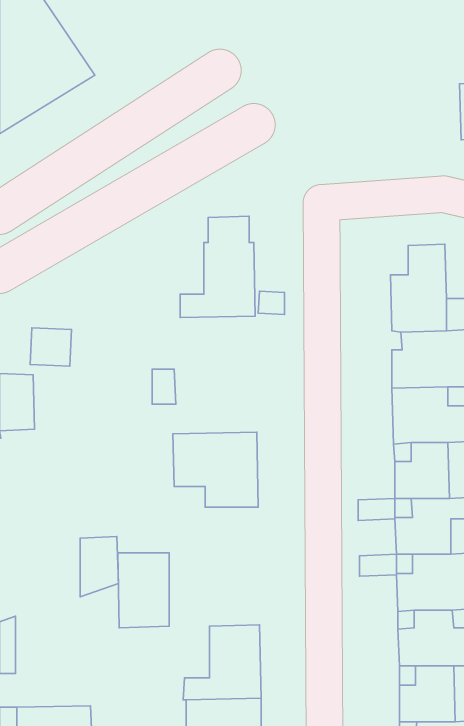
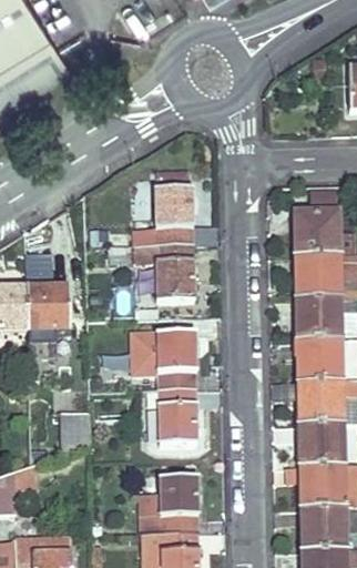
building: none -> [133,245,193,302]
building: none -> [26,288,69,336]
building: [118,553,169,628] -> [156,389,195,446]

